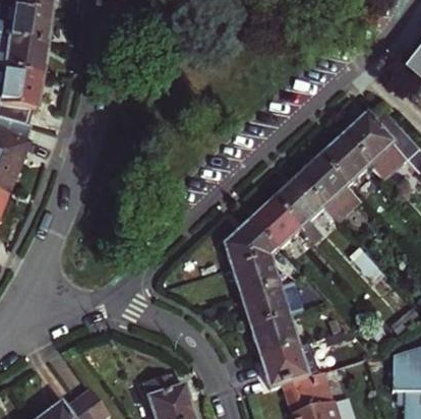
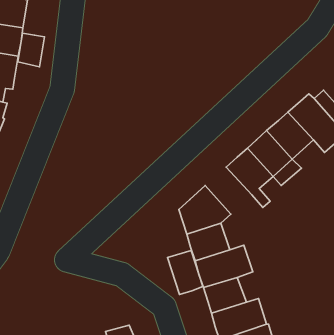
building: none -> [18,33,45,67]
building: [253,198,305,250] -> none
building: none -> [167,251,203,294]

